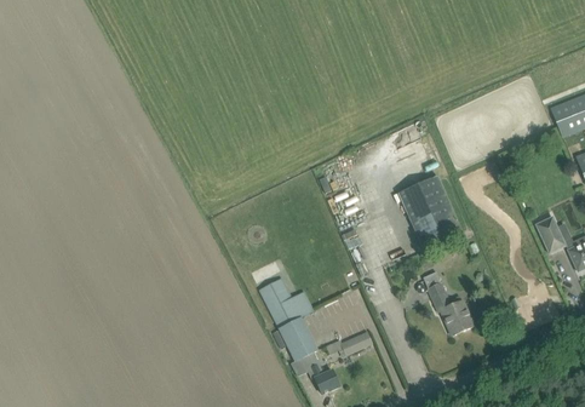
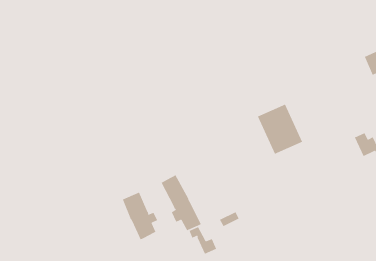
building: [424,271,476,337] -> none
building: none -> [122,191,158,240]

